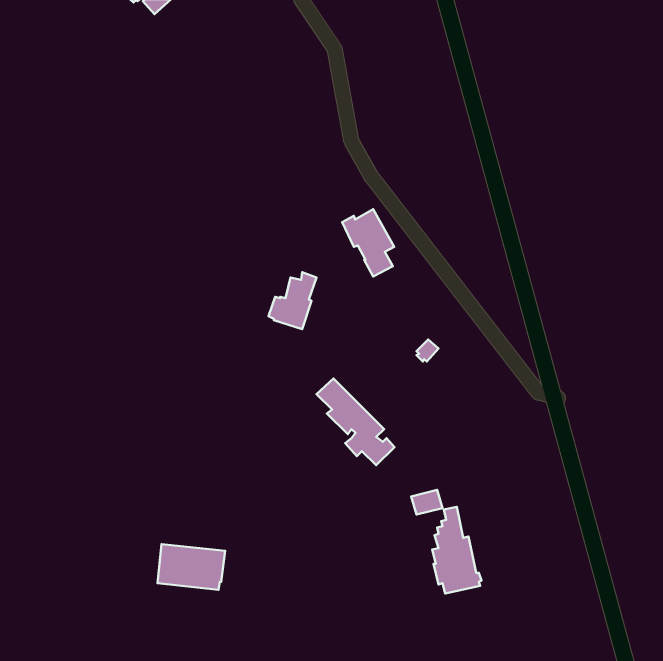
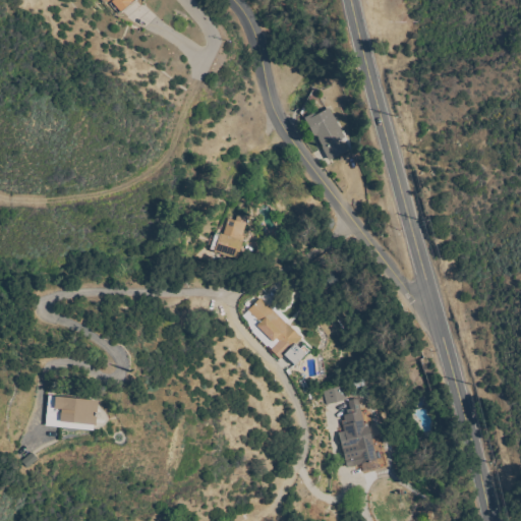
building: [342,209,394,277] -> [304,107,345,160]
building: [158,544,225,590] -> [45,395,98,430]

